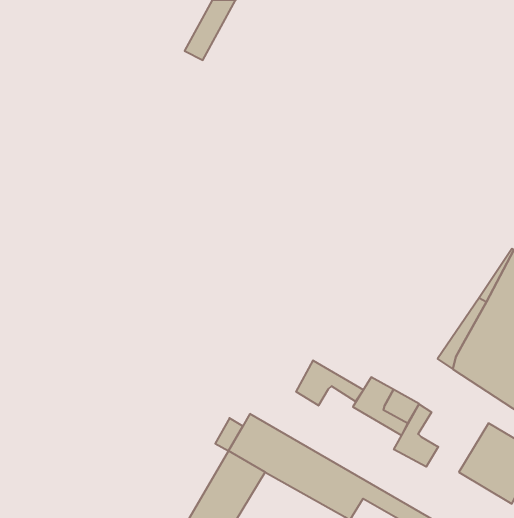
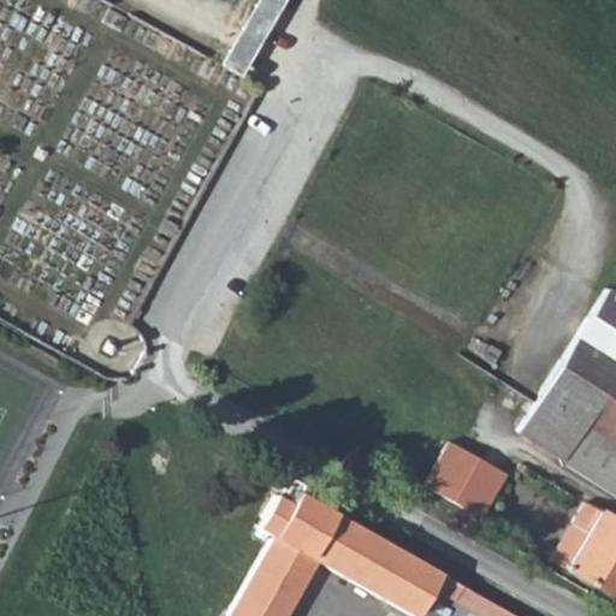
building: [296,360,363,406] -> none
building: [394,404,438,467] -> none

